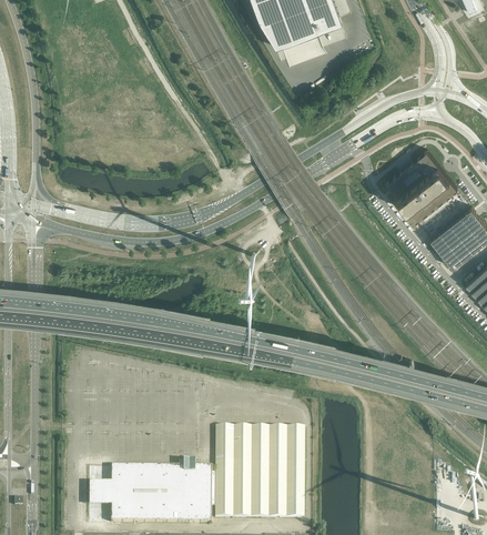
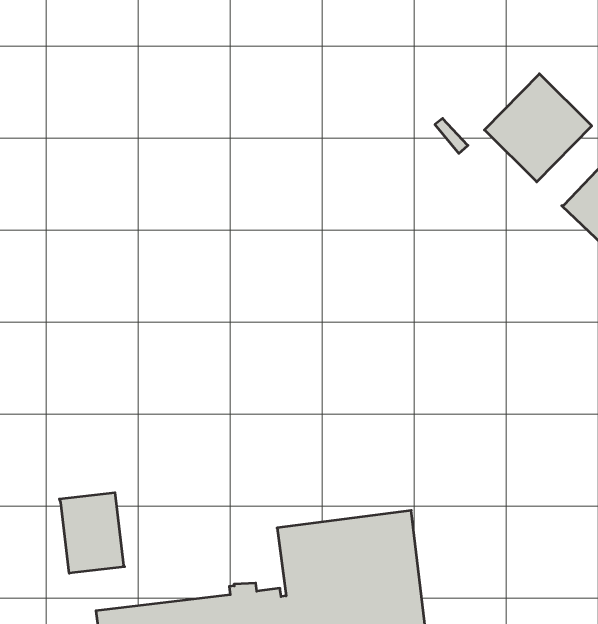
building: none -> [59,493,125,573]

